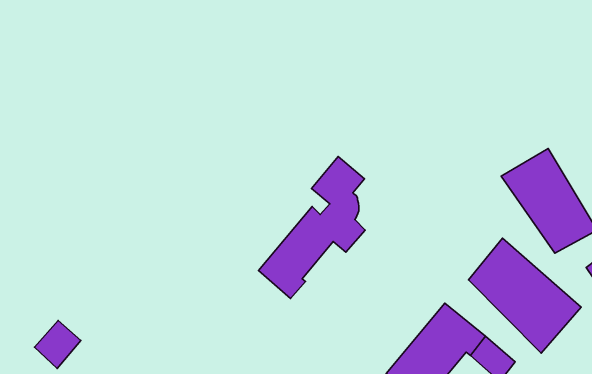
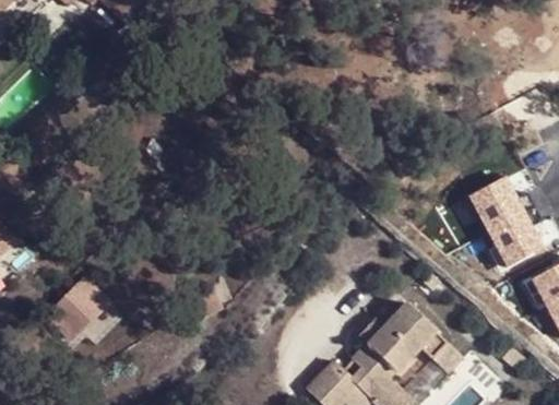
building: [258,157,365,298] -> none
building: [469,238,581,353] -> none

